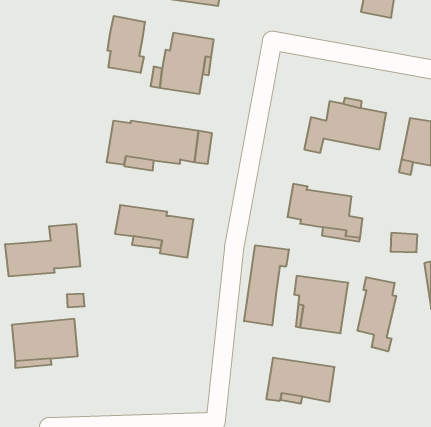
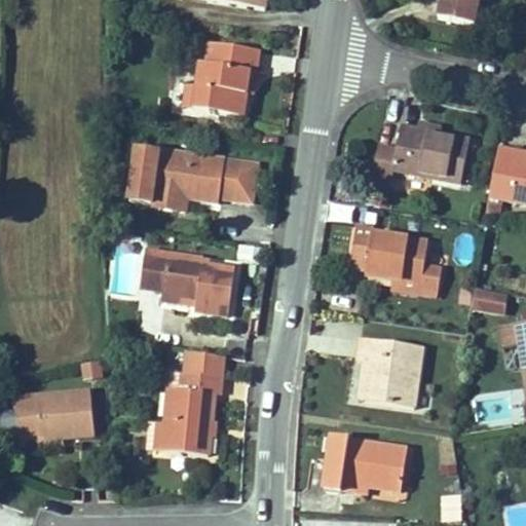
building: [108,16,145,73] -> none
building: [5,224,80,276] -> none
building: [244,245,289,326] -> none
building: [358,277,396,351] -> none
building: none -> [147,348,223,453]

